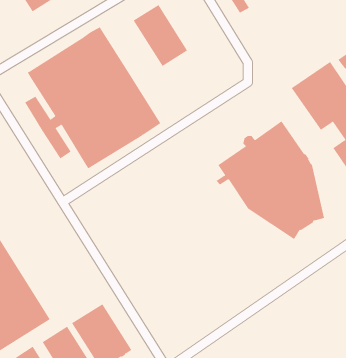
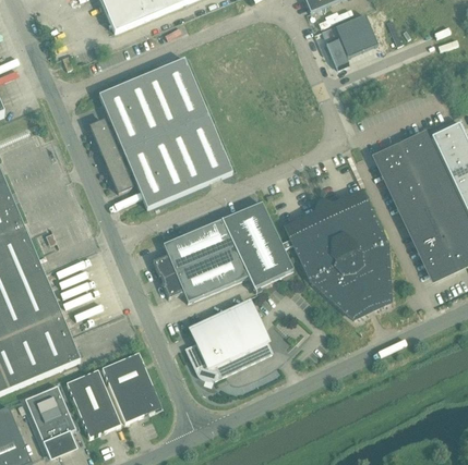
building: [133,4,188,67] -> none
building: none -> [153,201,293,302]
building: none -> [185,301,272,378]

